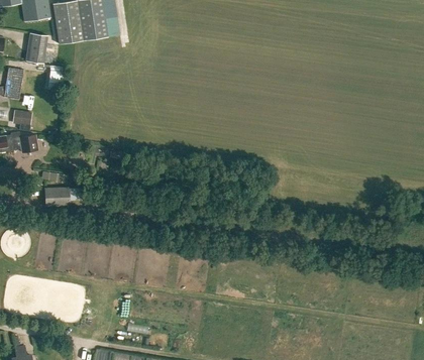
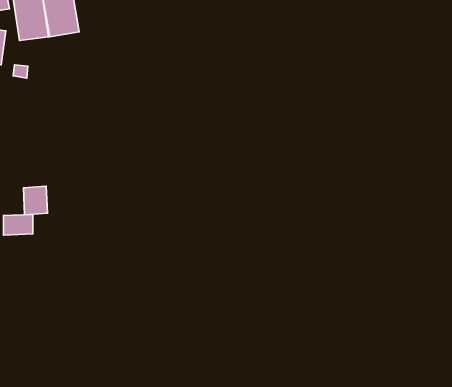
building: none -> [23,186,47,215]

